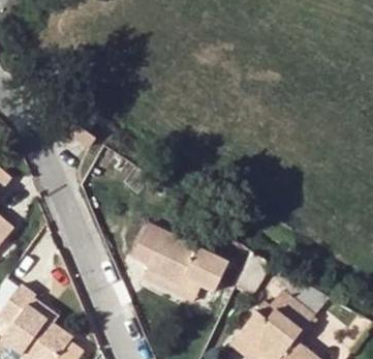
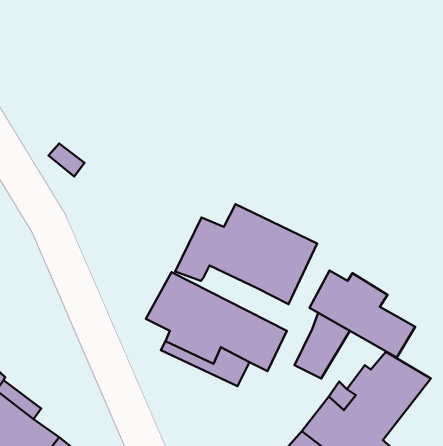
building: none -> [175,204,317,304]
building: none -> [310,270,415,358]

